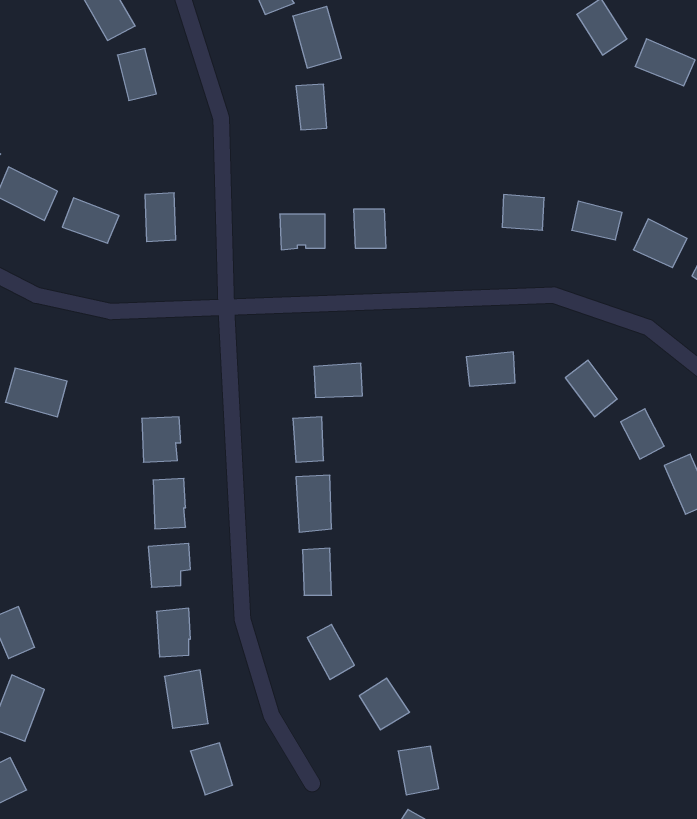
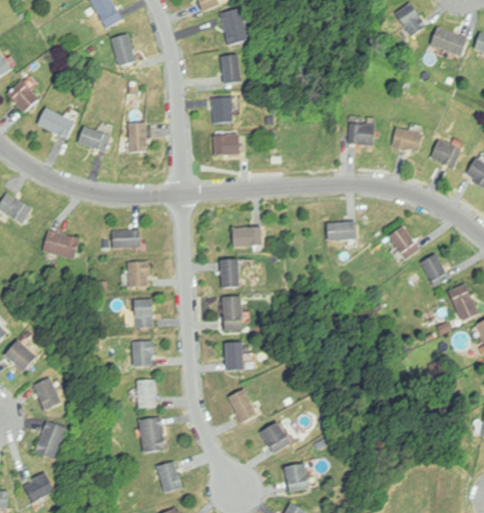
building: [354,209,386,248] -> [211,96,231,120]
building: none -> [110,228,140,247]

